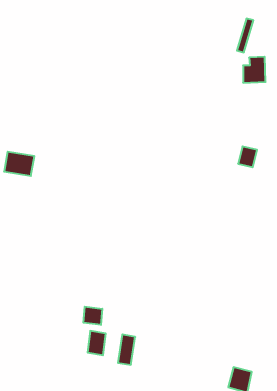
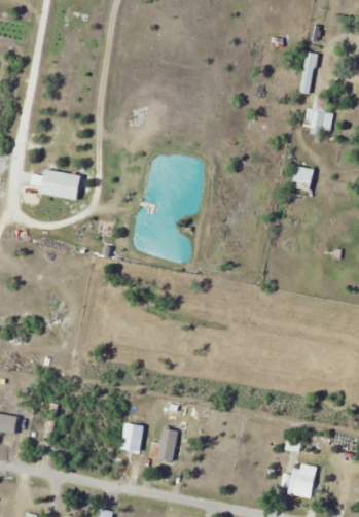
building: [238,146,257,167] -> [292,166,315,191]
building: [4,152,34,176] -> [36,170,72,199]
building: [83,307,102,325] -> none

